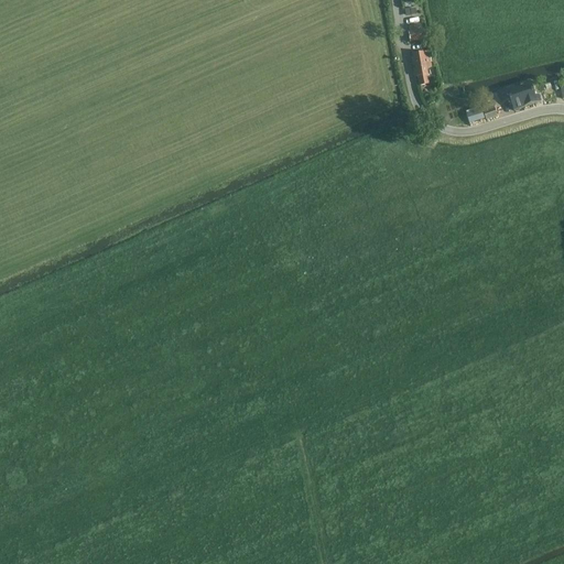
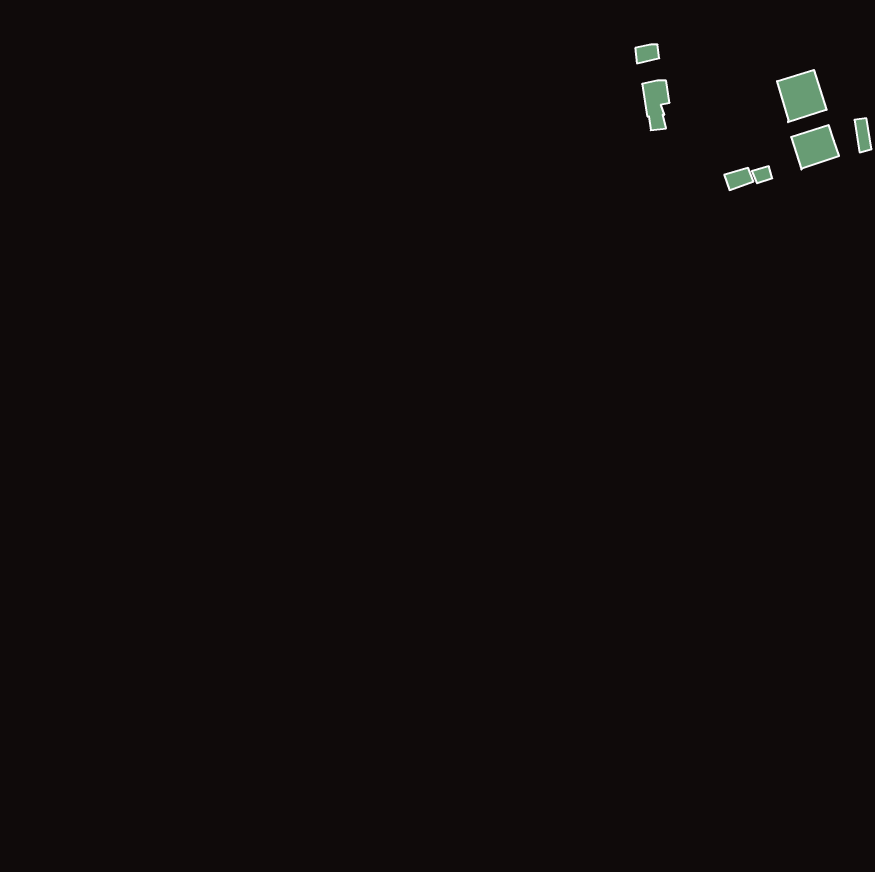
building: none -> [777,70,827,122]

